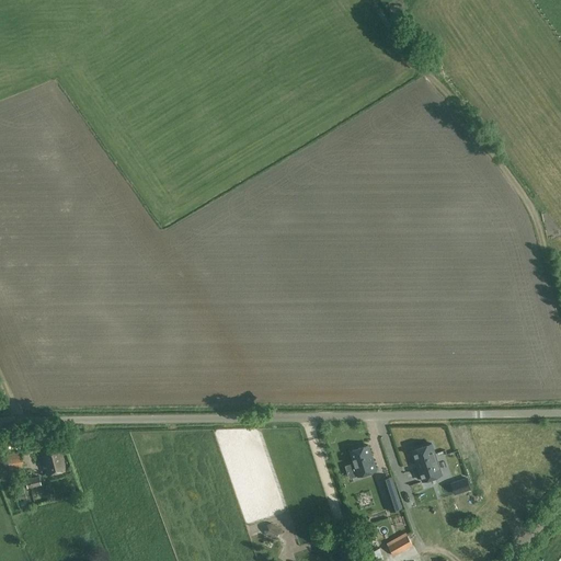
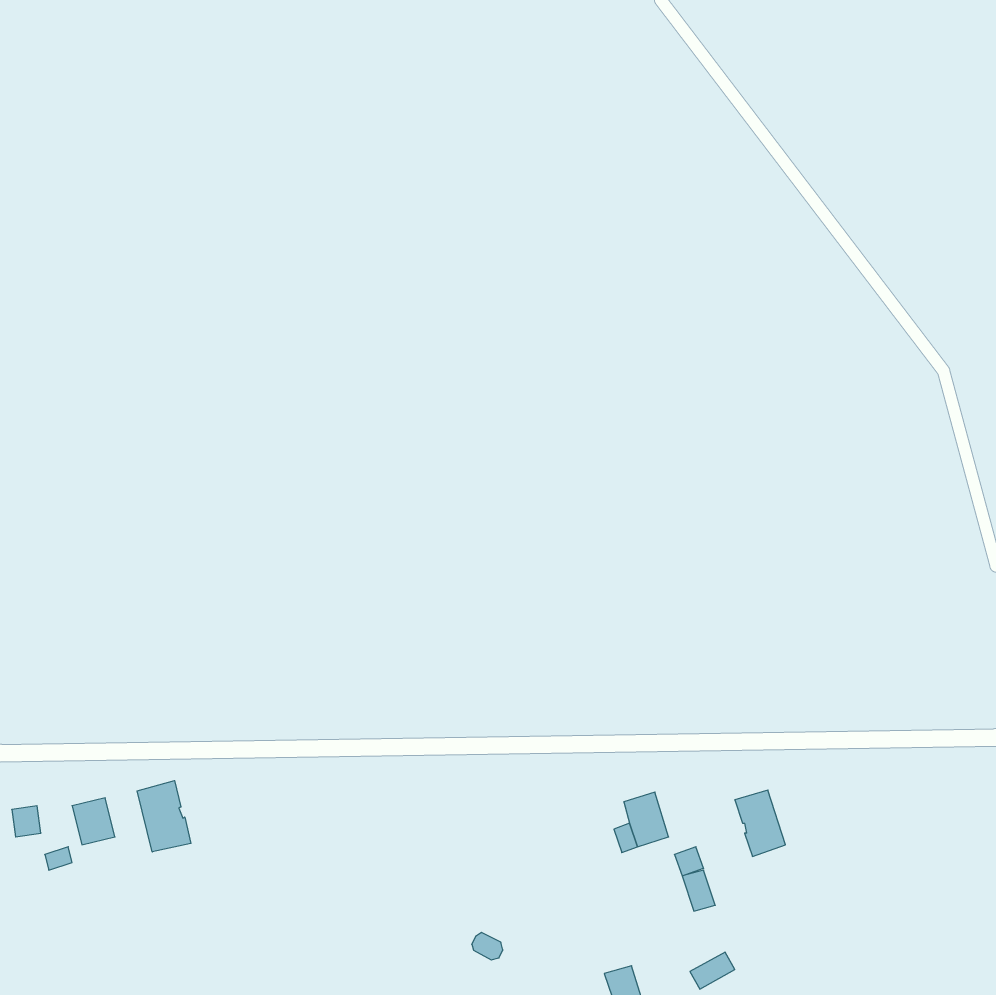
building: none -> [137,781,191,852]

